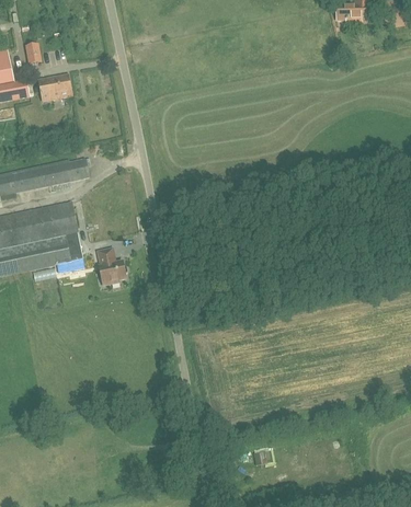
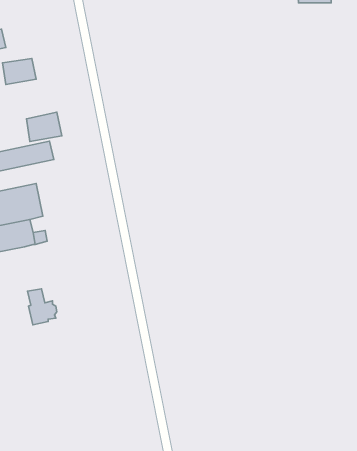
building: none -> [26,112,62,142]
building: [98,247,127,284] -> [27,289,57,325]

